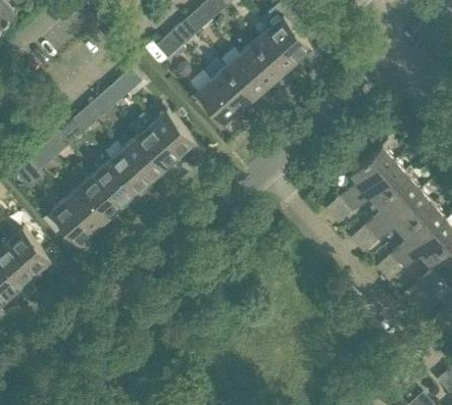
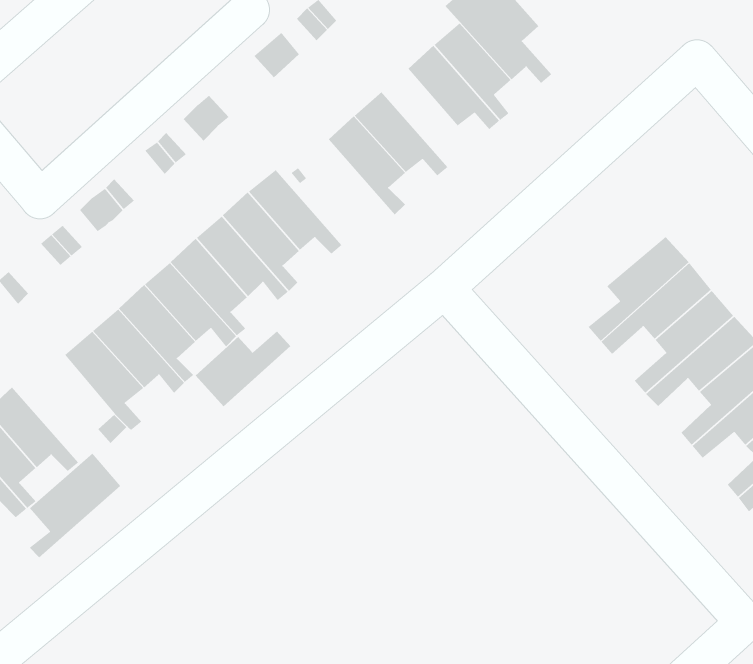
building: [224,54,266,108] -> none
building: none -> [195,330,291,407]
building: none -> [29,452,121,558]

